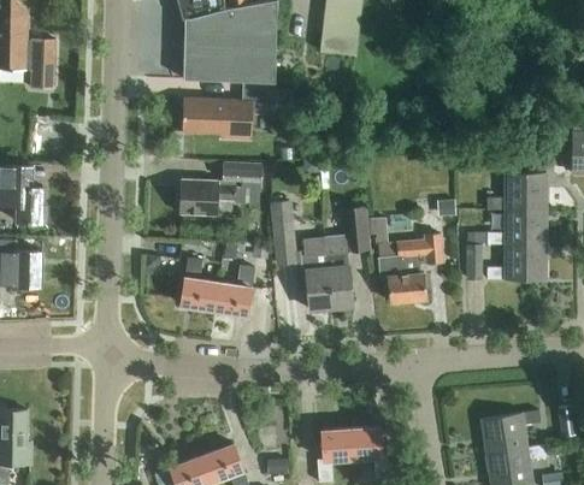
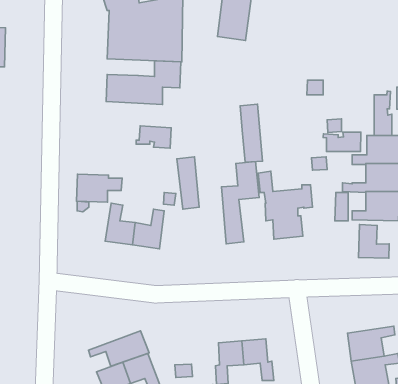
building: none -> [374,91,392,135]
building: none -> [323,132,361,152]
building: [178,179,235,214] -> [77,174,122,202]
building: [302,237,330,309] -> [240,104,262,162]
building: none -> [359,224,389,258]
building: none -> [88,331,149,366]

